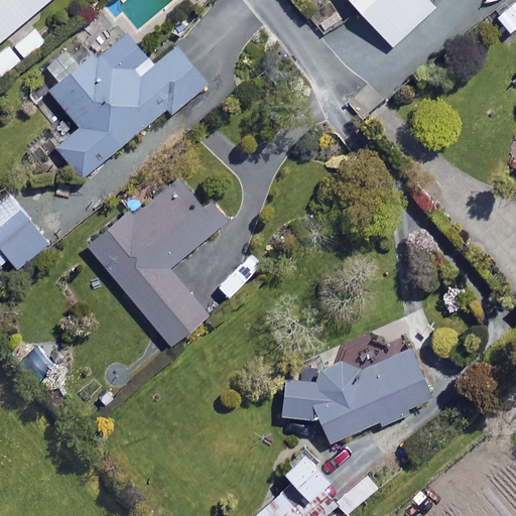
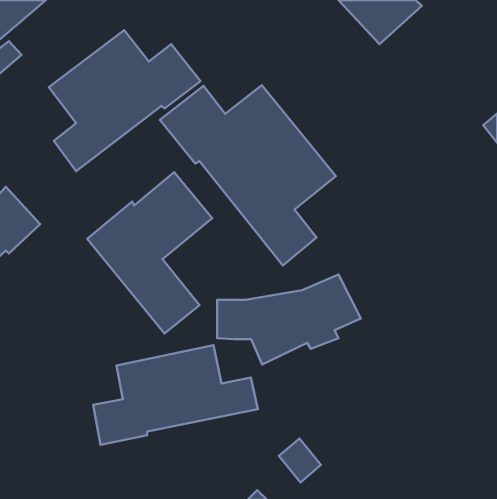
building: none -> [160,85,336,265]
building: [284,352,432,444] -> [217,274,361,364]
building: none -> [93,345,258,445]

